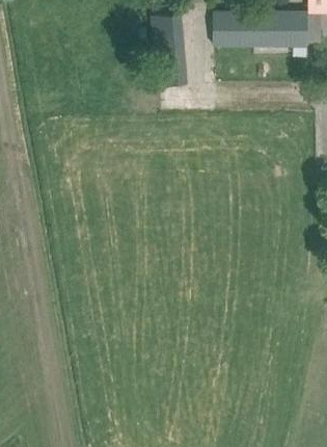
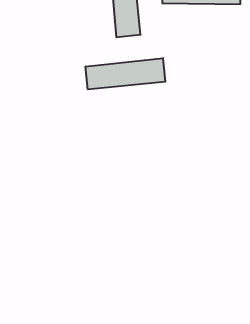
building: none -> [86,58,165,89]

